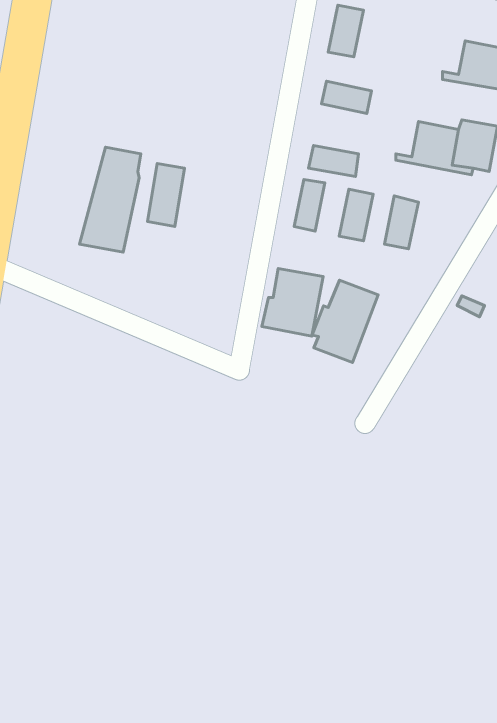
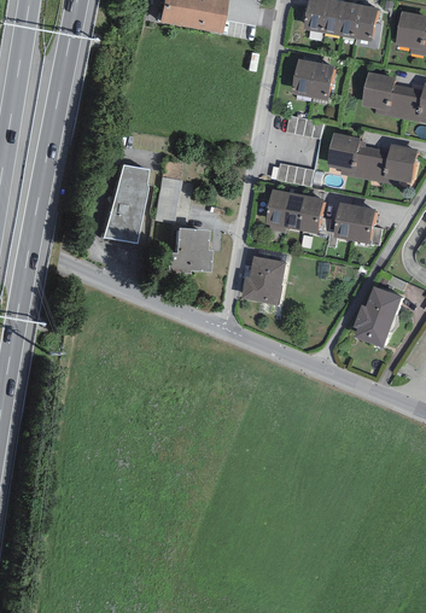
building: none -> [309,62,334,100]
building: none -> [361,71,395,110]
building: none -> [326,132,360,171]
building: none -> [280,191,305,230]
building: none -> [350,205,375,244]
building: none -> [169,227,212,273]
building: [312,280,378,362] -> [352,285,402,346]

